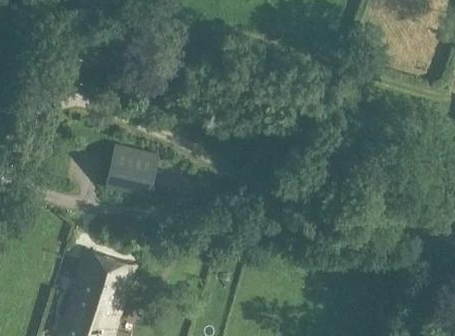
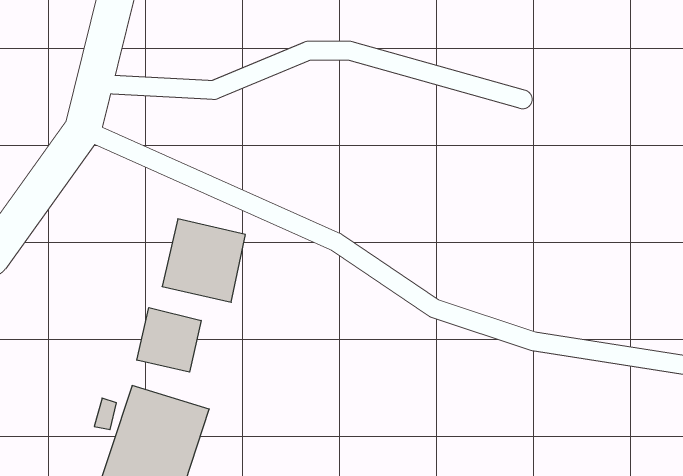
building: none -> [137,308,201,372]

